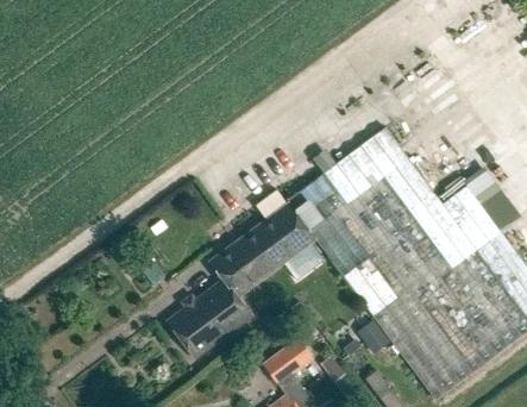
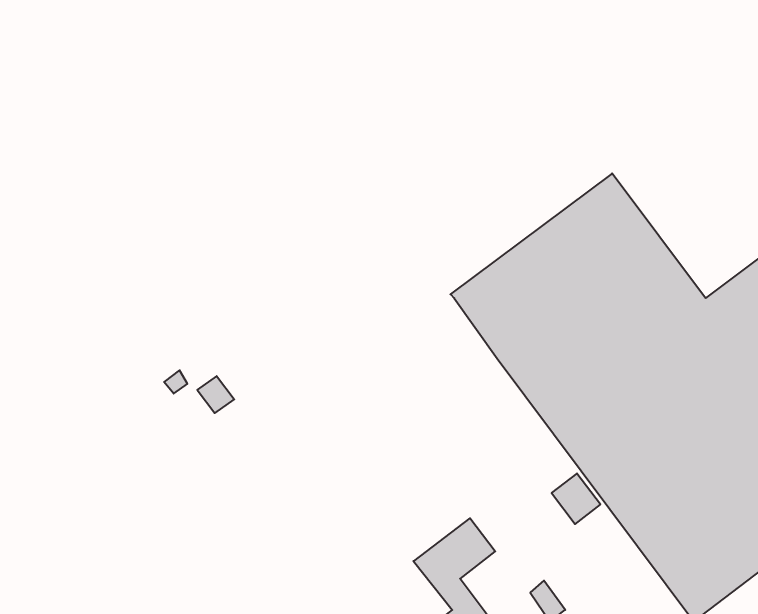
building: [168,202,315,358] -> none

